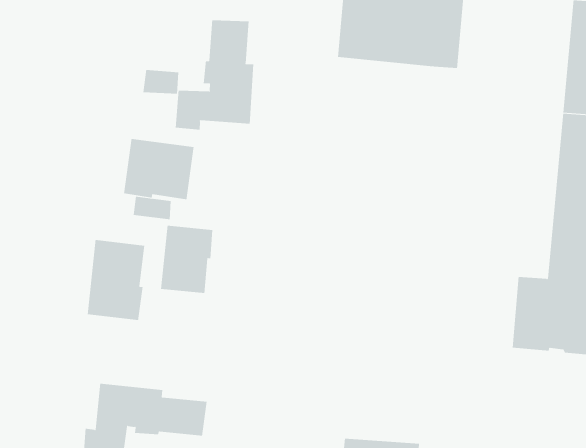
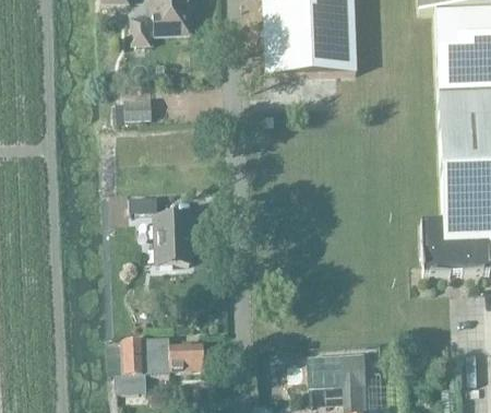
building: [175,19,254,131] -> none
building: [123,138,194,200] -> none
building: [87,239,145,321] -> none

